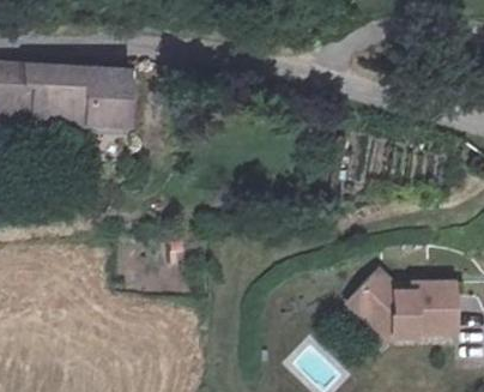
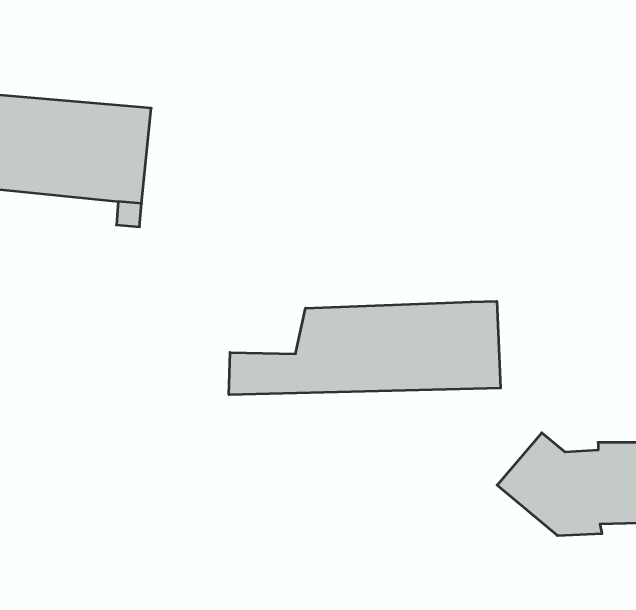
building: none -> [229,301,501,395]

